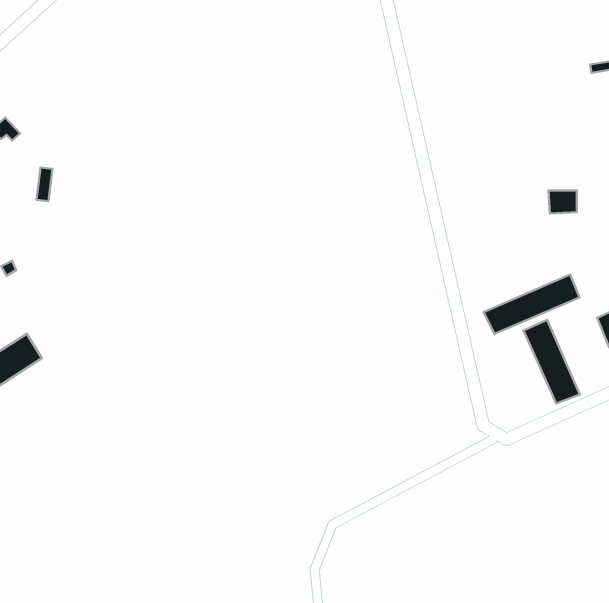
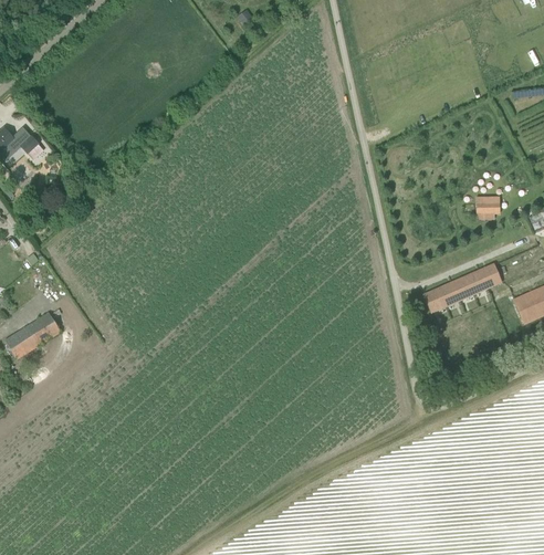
building: [524,320,580,404] -> none

